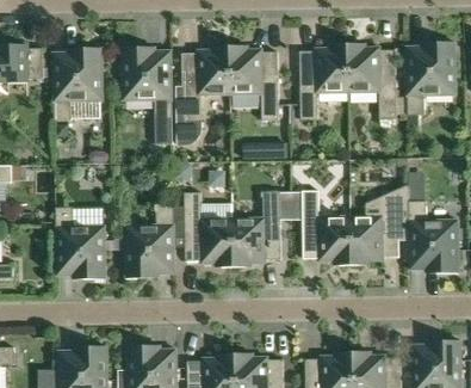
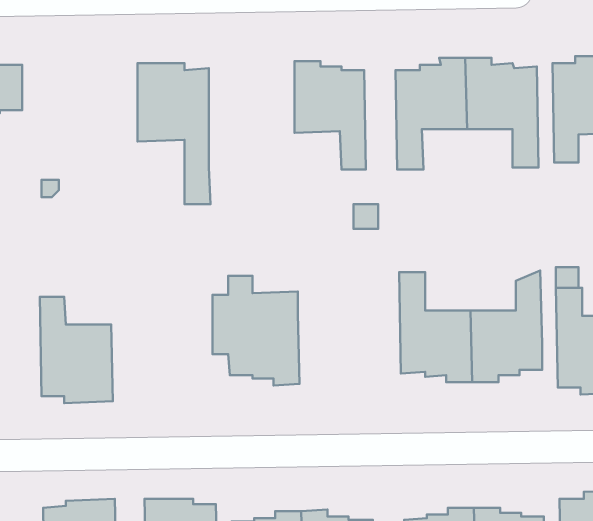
building: [176,45,230,143] -> none
building: [54,48,103,121] -> none
building: [233,191,281,266] -> none
building: [125,205,175,278] -> none

